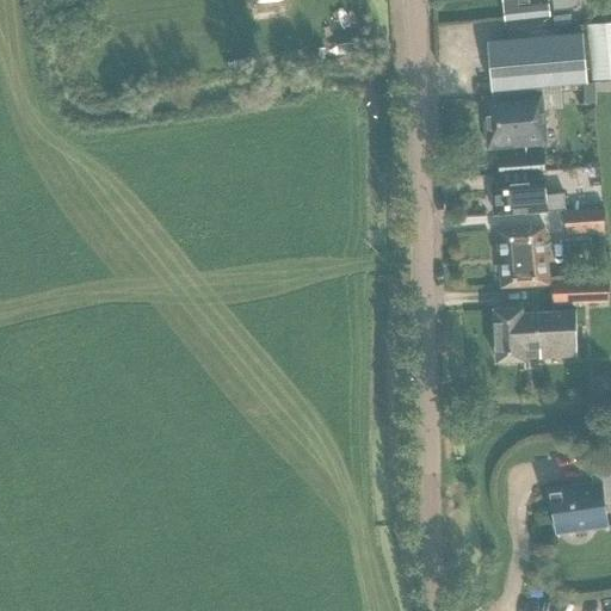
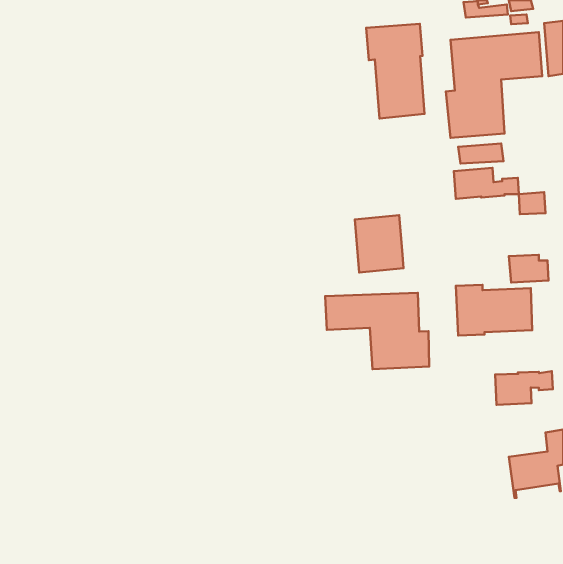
building: none -> [366,24,424,118]
building: [495,226,548,288] -> [355,215,403,273]
building: none -> [325,293,429,369]
building: none -> [495,371,553,405]

